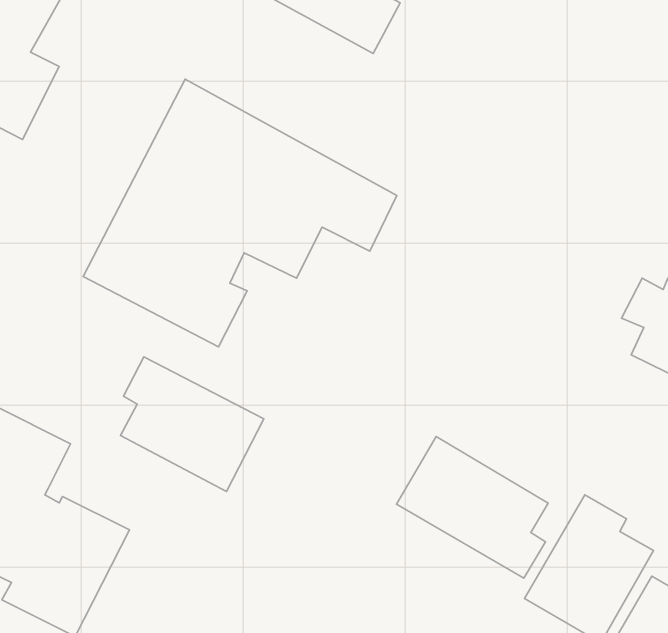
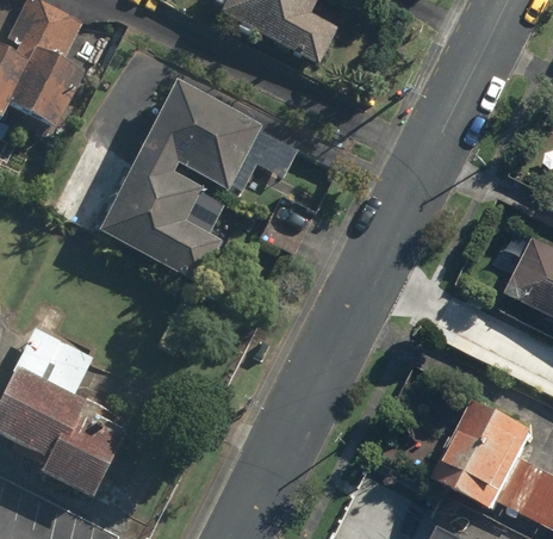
building: [121,357,264,492] -> none
building: [397,436,548,578] -> none

